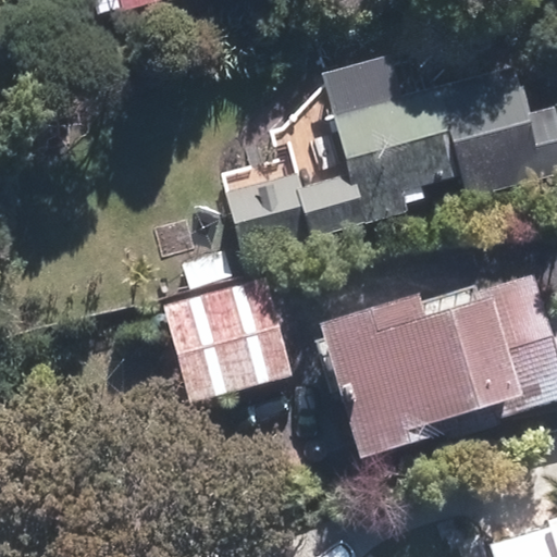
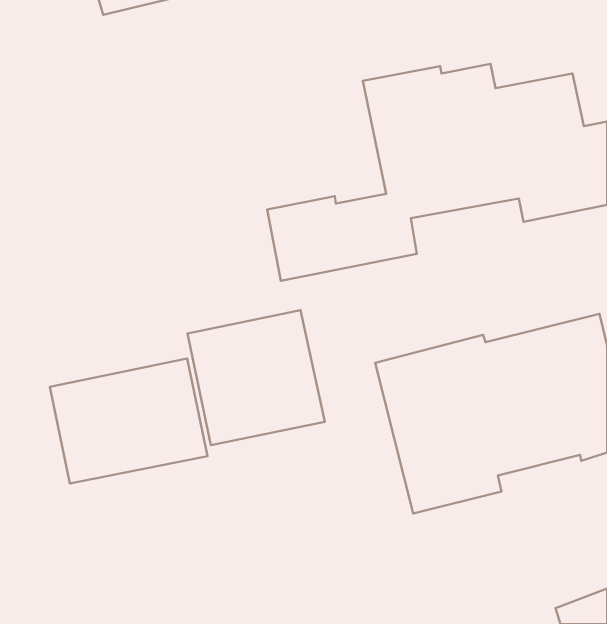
building: none -> [50,359,208,483]

